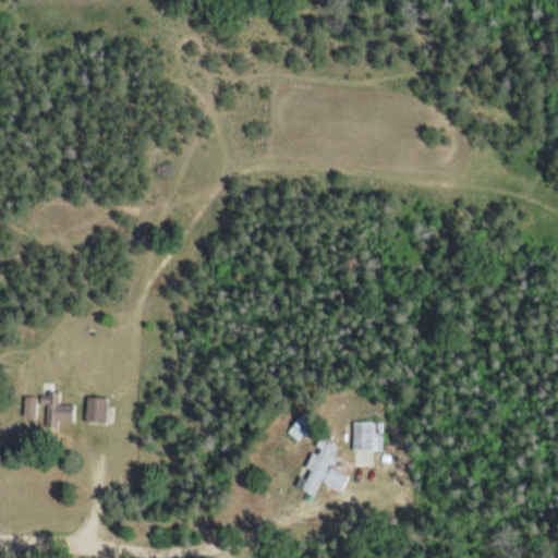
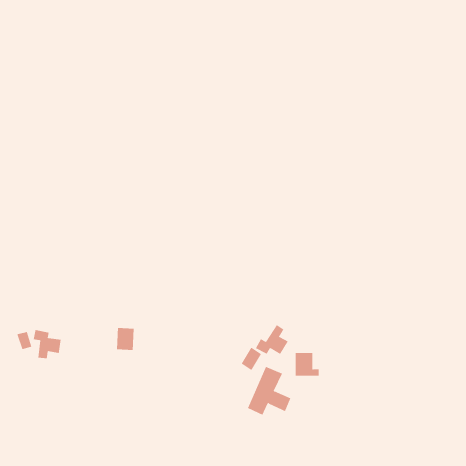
building: none -> [255,324,288,355]
building: [86,397,108,424] -> [116,328,134,350]

